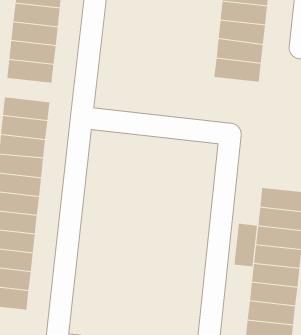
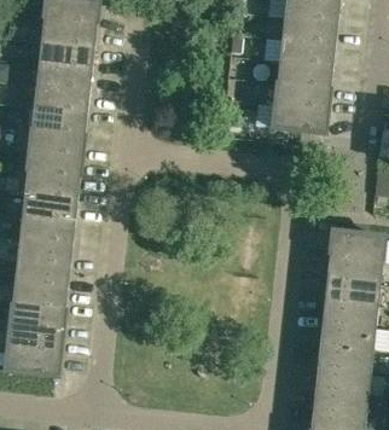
building: none -> [272,103,327,132]
building: none -> [31,104,87,132]
building: [234,223,257,267] -> none

